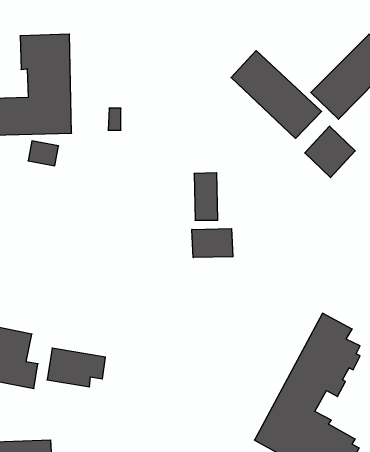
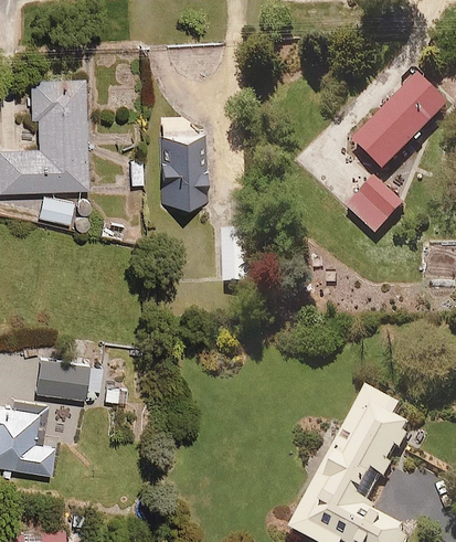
building: [231,51,322,138] -> none
building: none -> [155,128,204,211]
building: [192,229,233,258] -> none
building: [47,348,105,387] -> [34,354,99,397]

